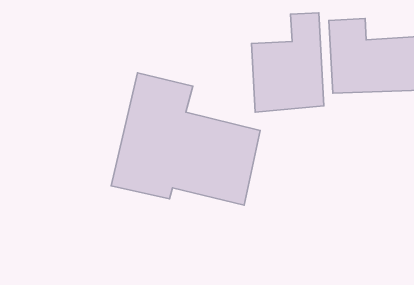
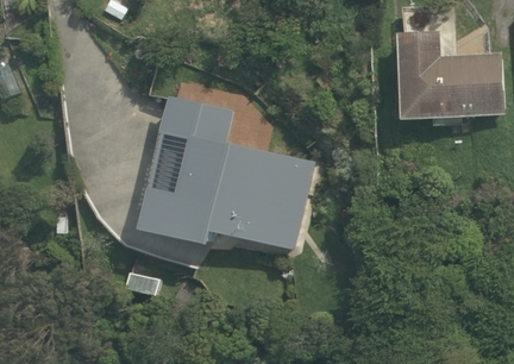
building: [251,13,324,112] -> none

